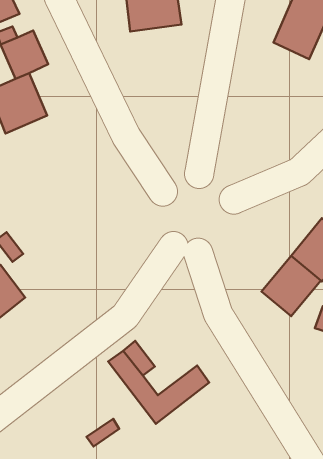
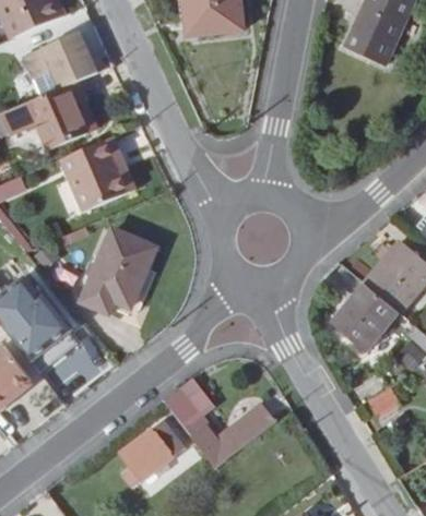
building: none -> [62,137,130,209]
building: none -> [82,228,156,313]
building: none -> [122,422,182,478]

